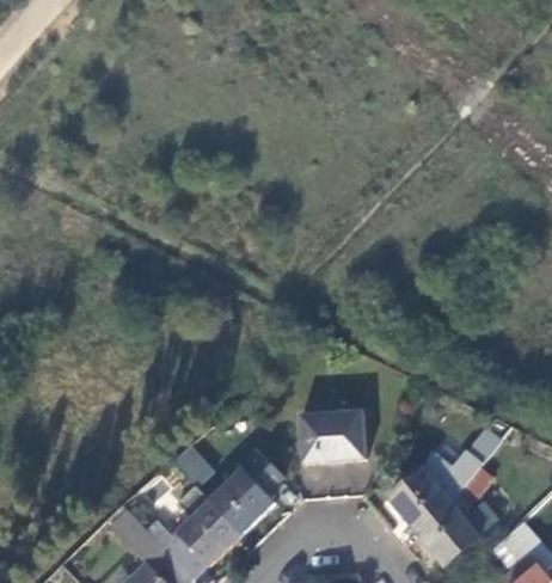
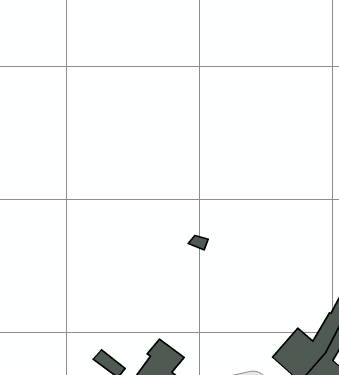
building: [308,416,360,462] -> none

